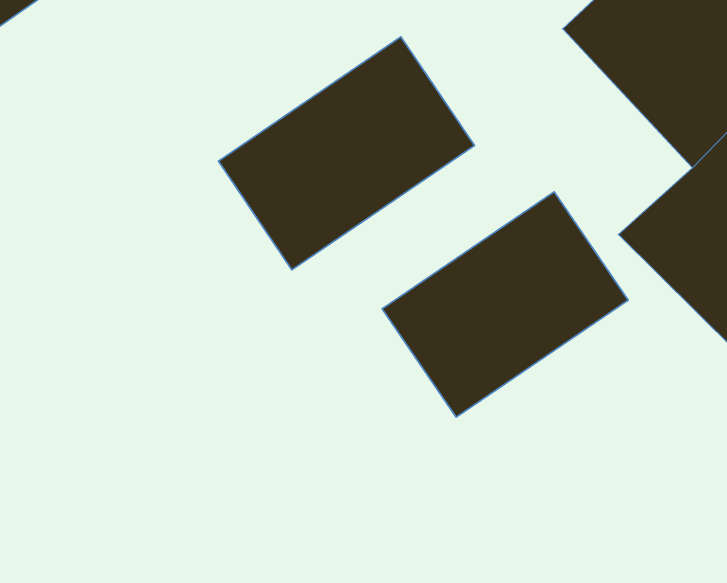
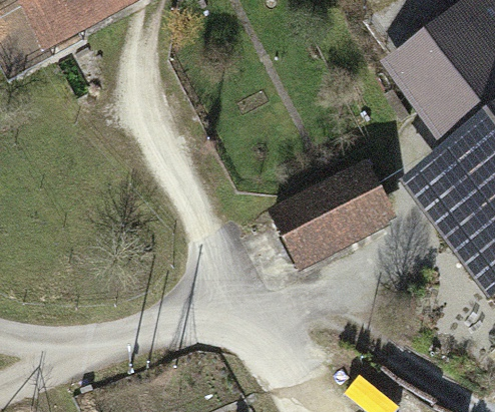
building: [218,37,474,270] -> none

